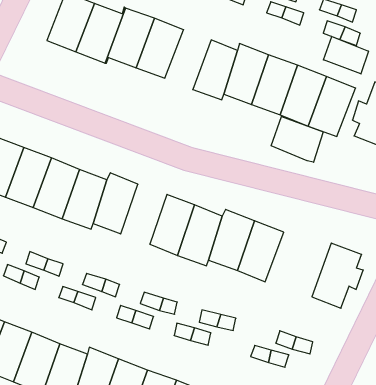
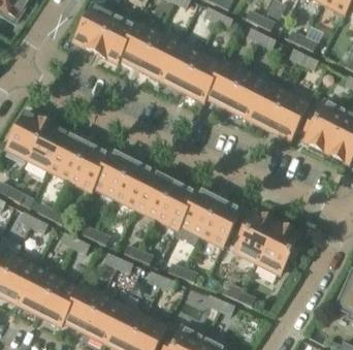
building: none -> [161,43,200,91]
building: [323,36,368,74] -> none
building: [271,116,323,162] -> none
building: none -> [114,160,153,208]
building: none -> [234,211,277,262]

